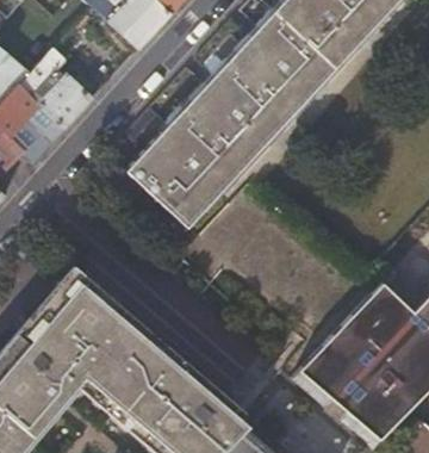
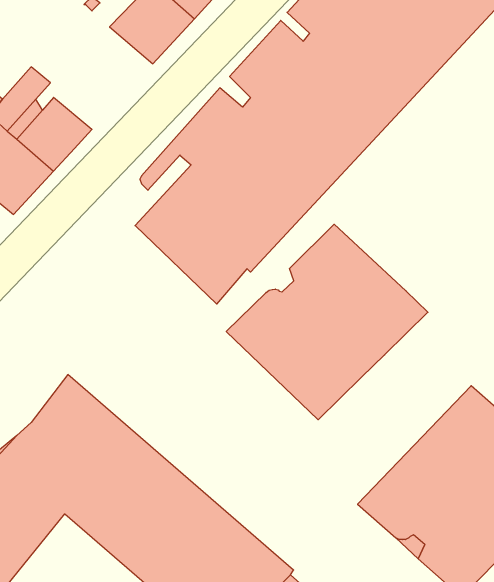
building: none -> [226,224,428,420]

